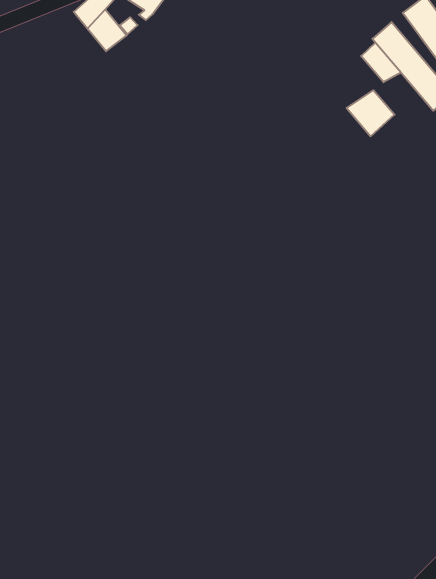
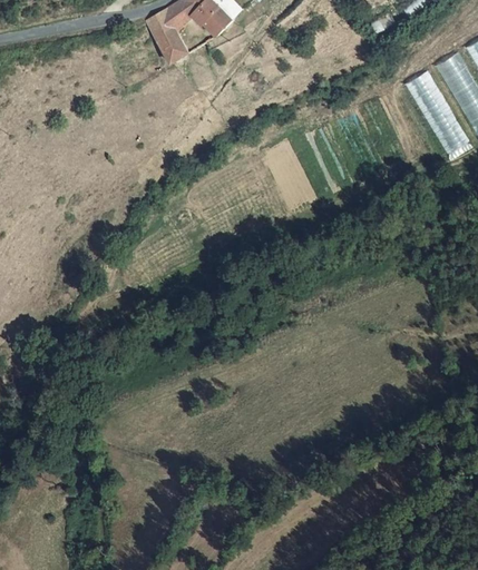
building: [361,42,401,82] -> none
building: [347,90,395,136] -> none

